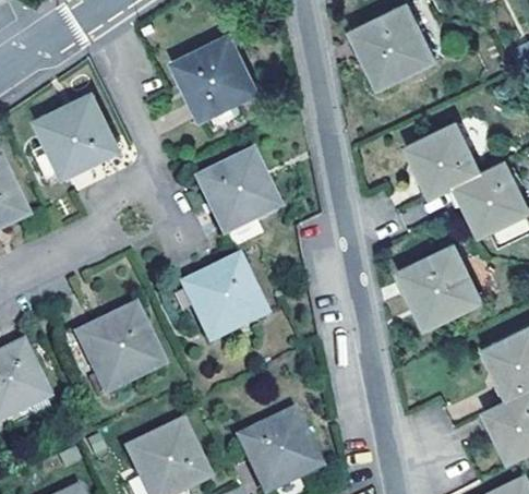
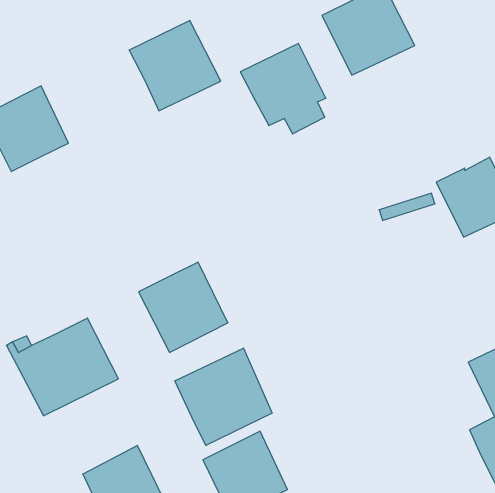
building: [407,121,481,194] -> none
building: [196,155,275,238] -> [240,43,326,134]
building: [399,243,481,327] -> none
building: none -> [175,348,272,446]

